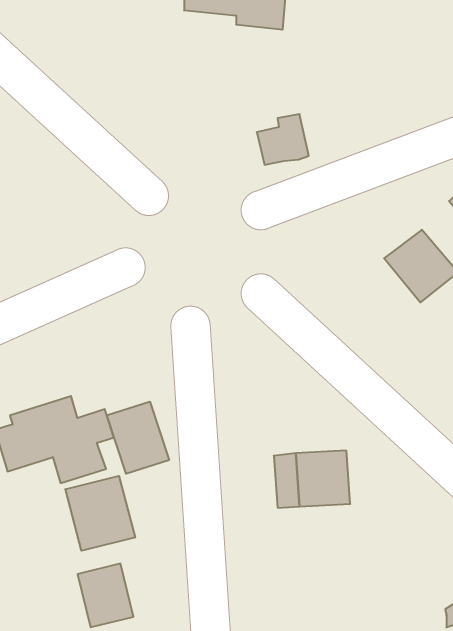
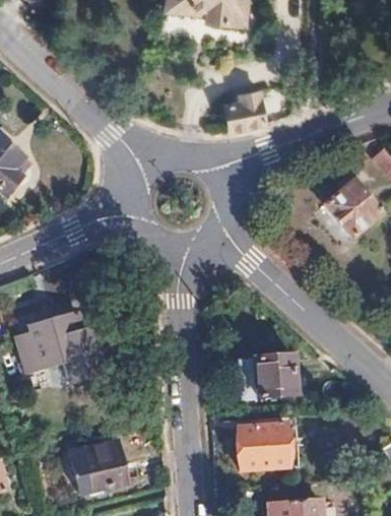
building: [107,402,169,474] -> none
building: [65,476,135,551] -> none
building: none -> [237,424,288,468]

